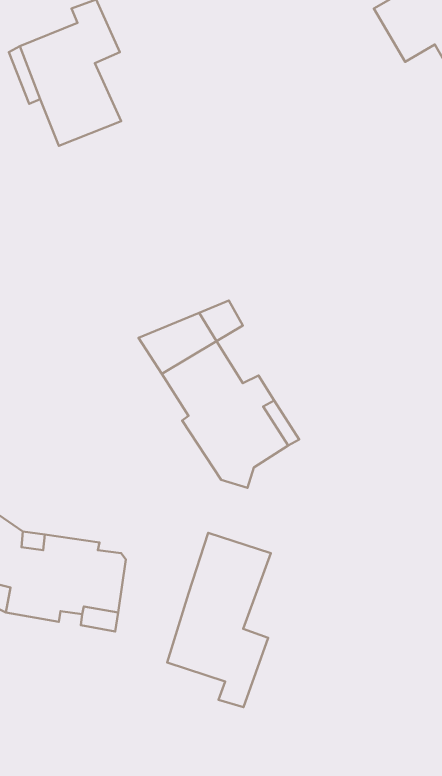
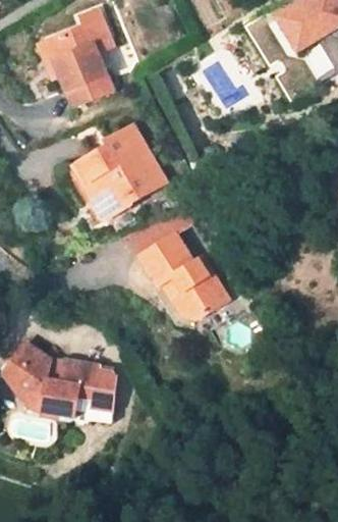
building: none -> [65,126,166,224]
building: [167,533,271,707] -> none

